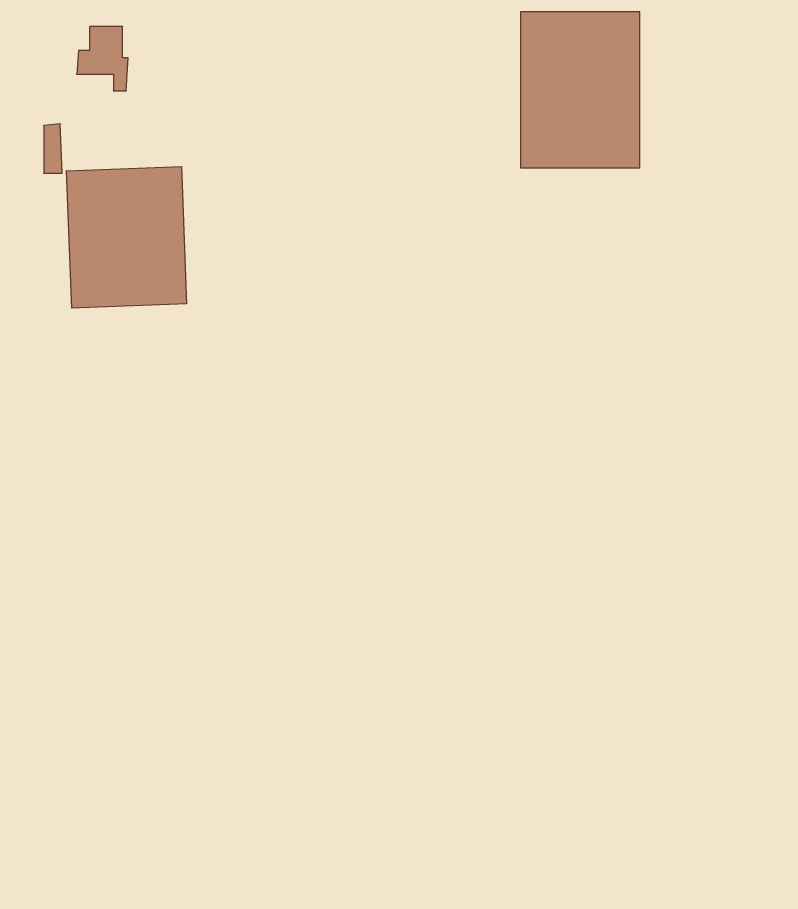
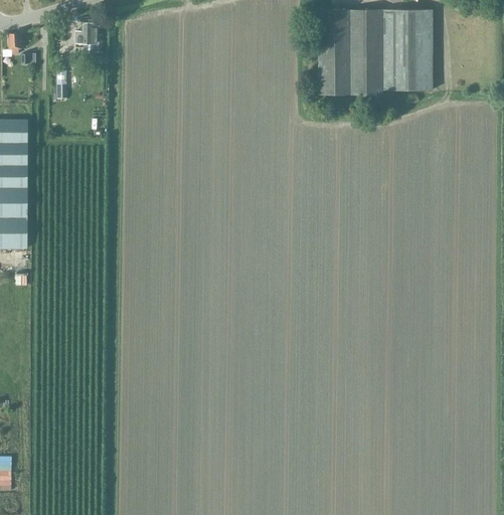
building: none -> [383,10,432,91]
building: [67,167,186,308] -> none

